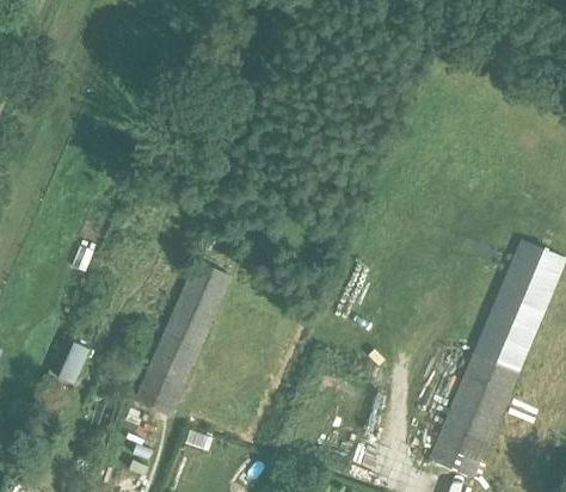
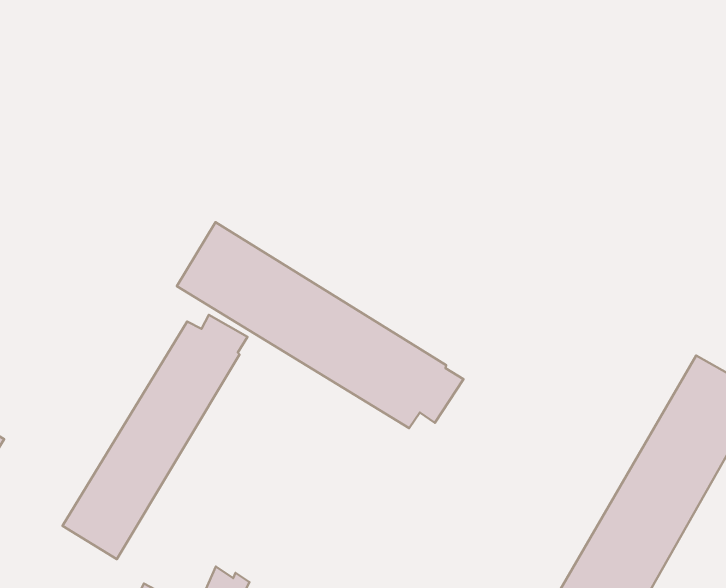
building: none -> [177,222,463,428]

